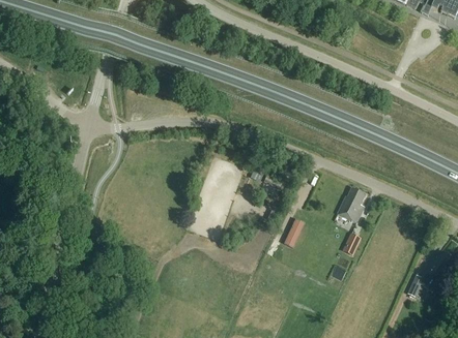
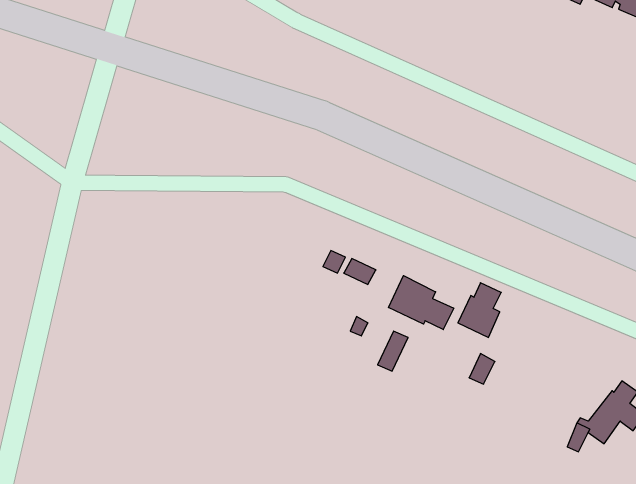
building: none -> [389,276,454,330]

